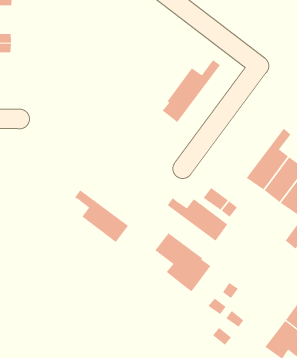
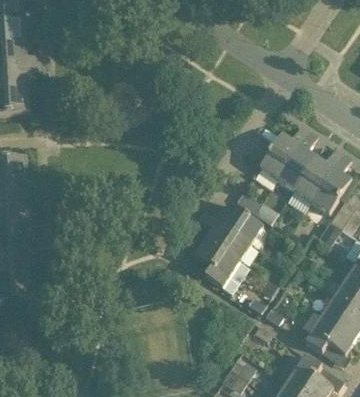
building: [162,59,221,123] -> [256,126,310,189]
building: [74,189,129,243] -> [198,212,252,261]

